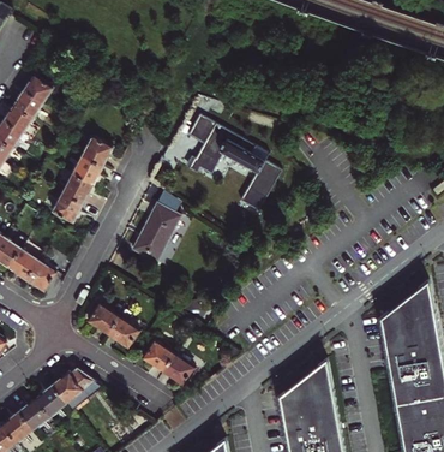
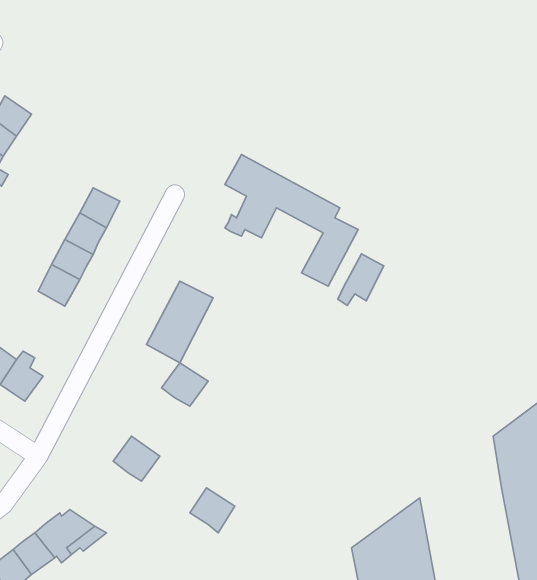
building: none -> [338,254,384,306]
building: [86,303,120,334] -> [162,363,208,406]
building: [143,340,174,371] -> none

